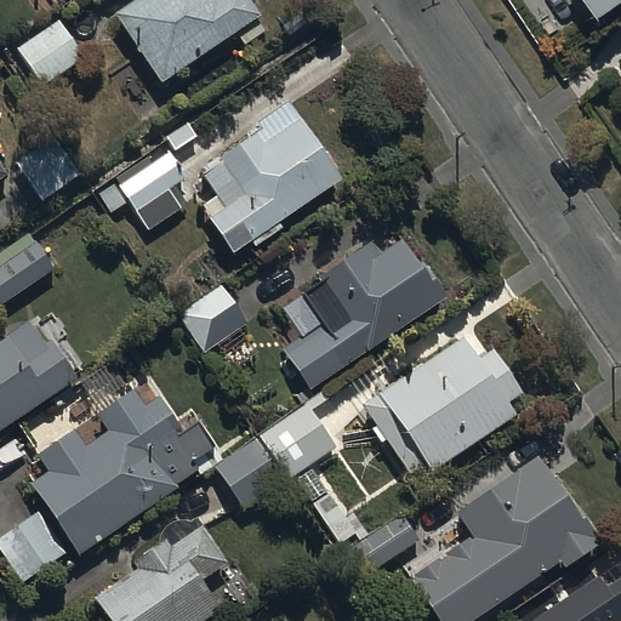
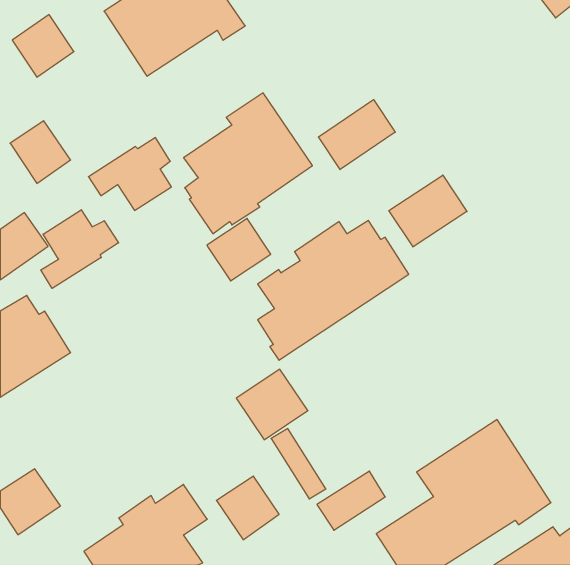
building: none -> [318,100,395,170]
building: none -> [389,175,467,247]
building: none -> [41,210,119,288]
building: [178,283,247,351] -> [207,218,271,281]
building: [361,338,523,474] -> none
building: [30,389,217,556] -> none
building: [215,438,283,507] -> [216,476,279,540]

